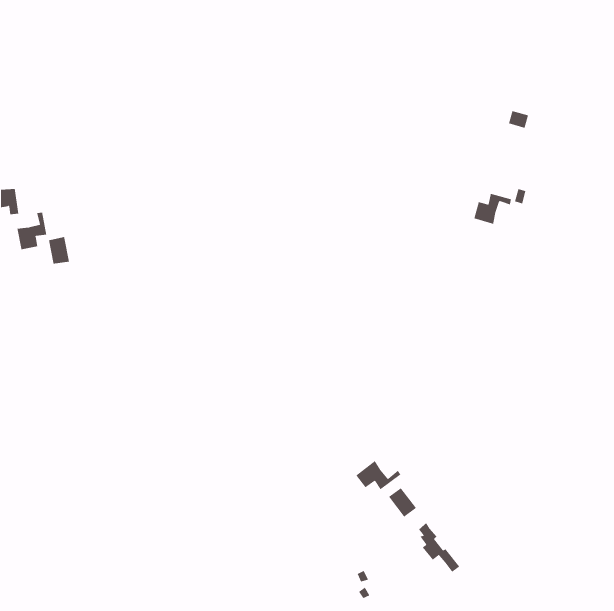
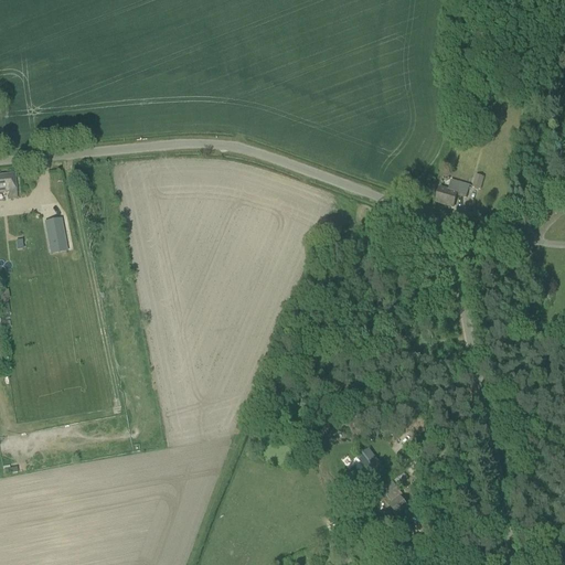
building: [17,212,47,250] -> none
building: [355,460,401,490] -> none

